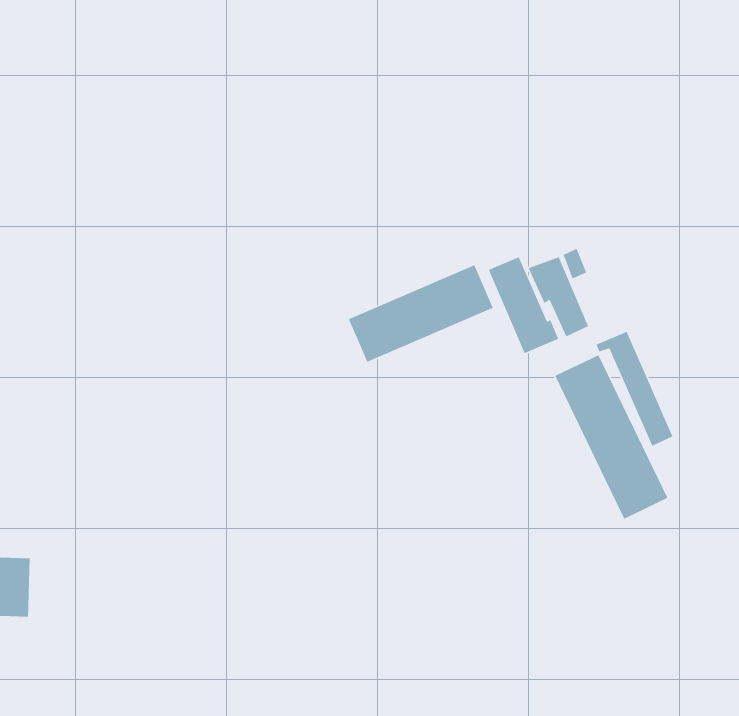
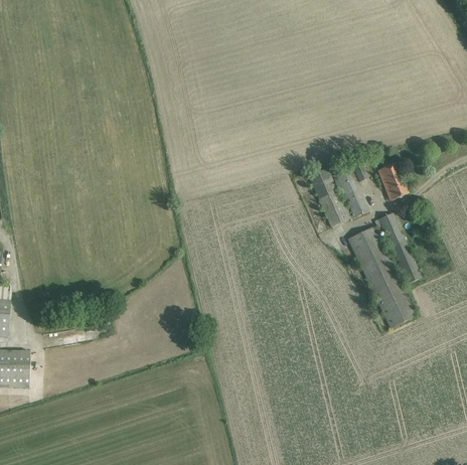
building: none -> [376,163,407,199]
building: [348,264,494,363] -> none

